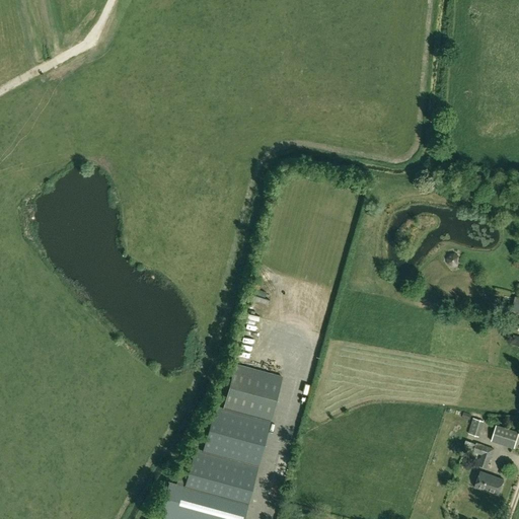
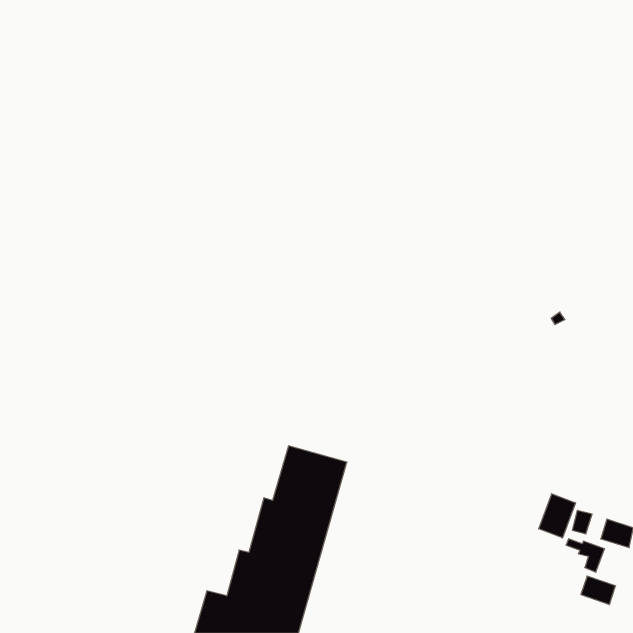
building: none -> [539,494,575,538]

